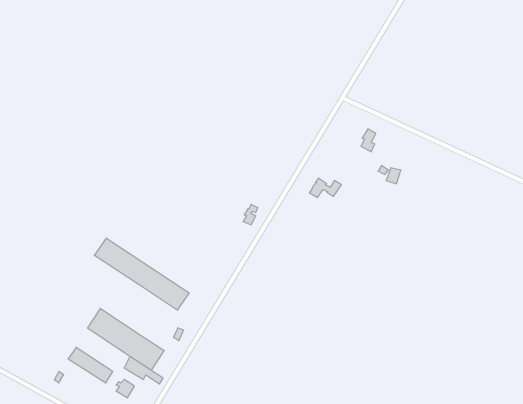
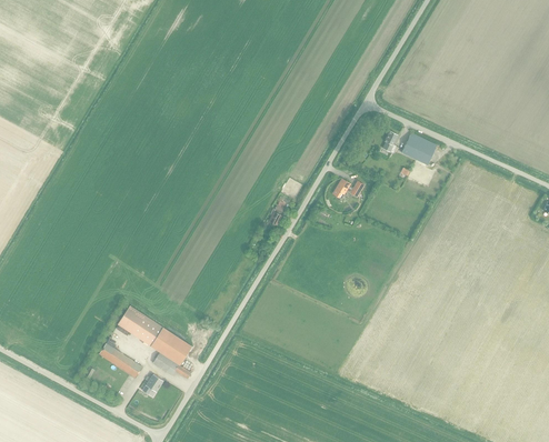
building: none -> [400,133,436,165]
building: [94,238,189,310] -> none

